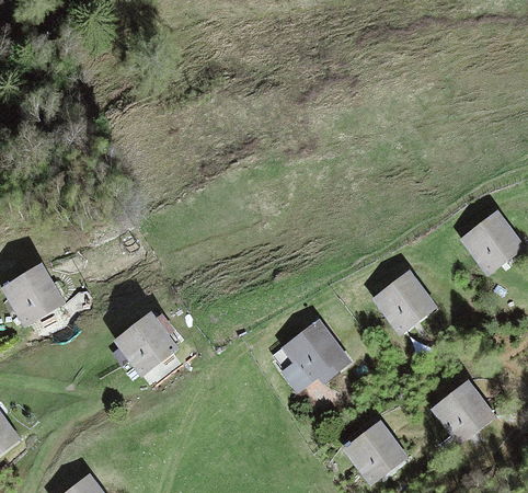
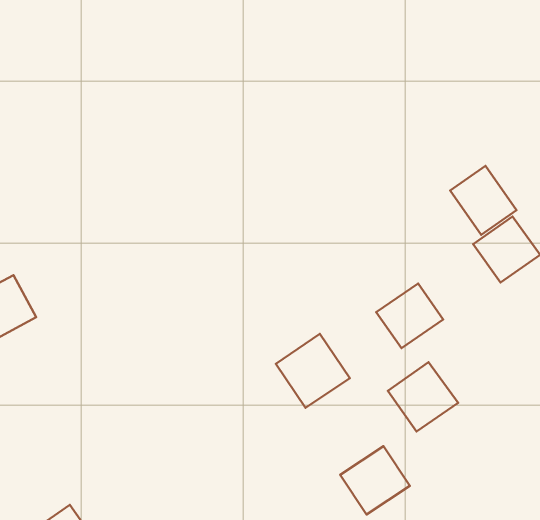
building: none -> [450,166,517,235]
building: [115,312,177,375] -> none
building: [428,379,493,443] -> [388,362,458,432]

